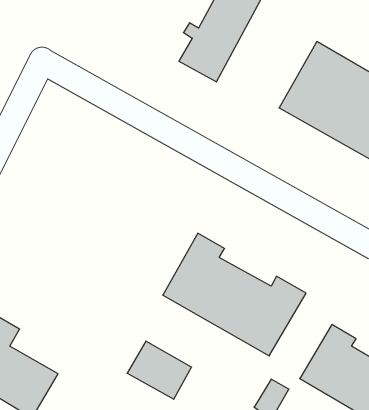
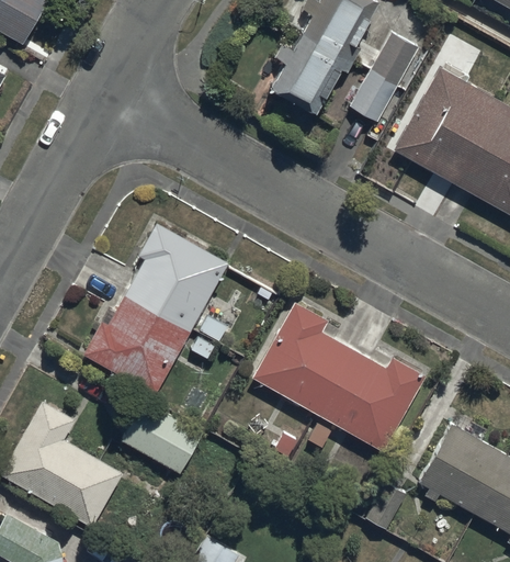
building: none -> [349,31,419,122]
building: none -> [82,223,228,393]
building: [127,341,192,399] -> [122,402,201,473]

